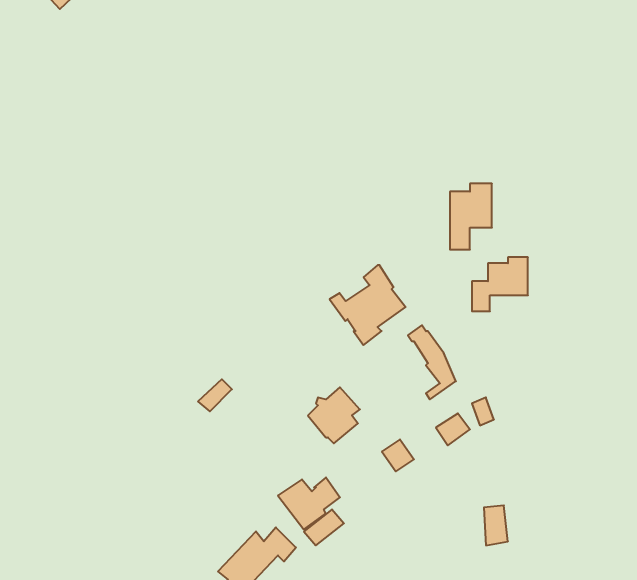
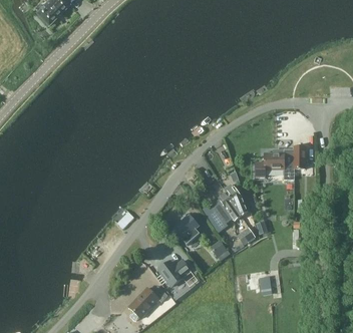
building: [450,184,492,250] -> [284,145,305,179]
building: [330,265,406,345] -> [202,192,240,232]

